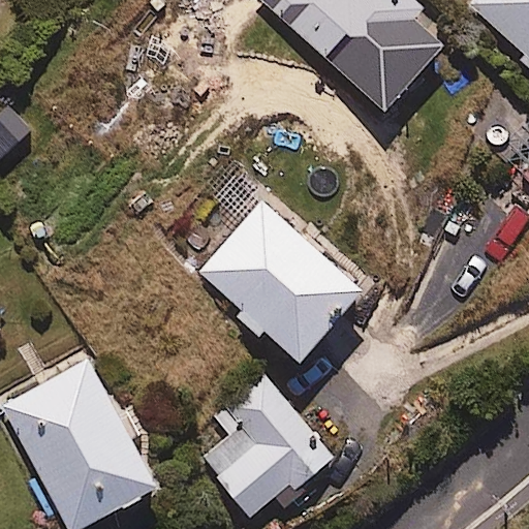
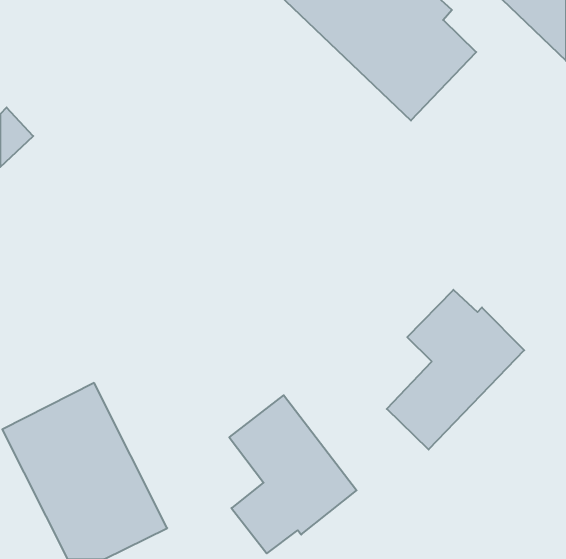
building: [196,199,364,365] -> none
building: none -> [387,290,524,450]

